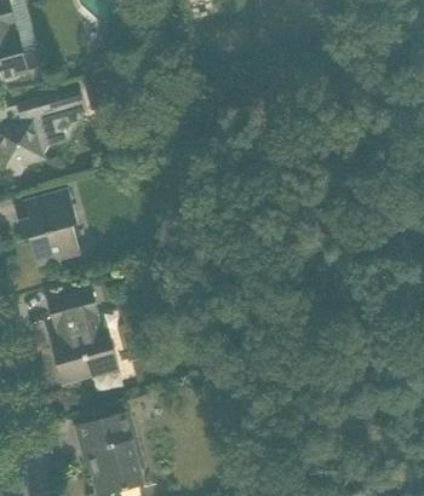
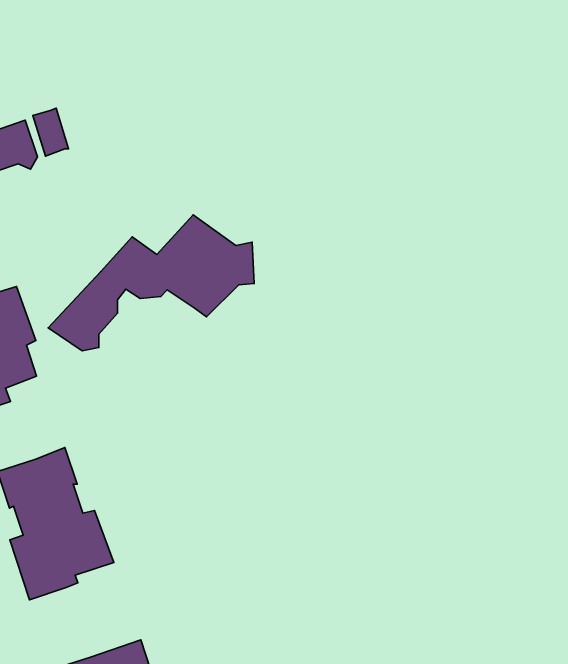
building: none -> [48,215,254,351]

